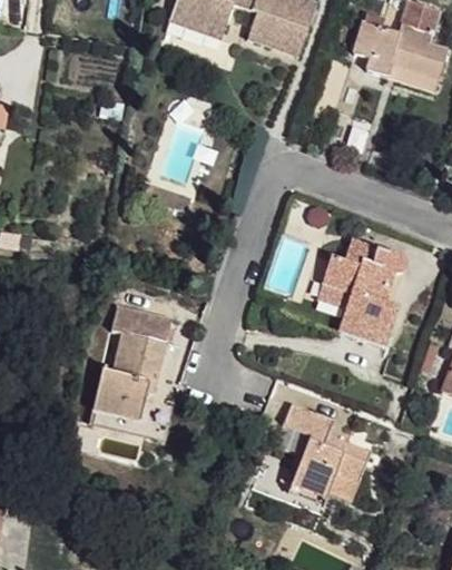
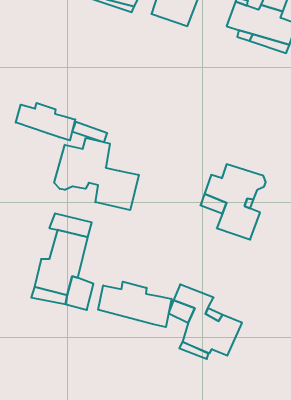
building: none -> [16,103,75,140]
building: none -> [54,138,139,210]
building: none -> [98,282,171,327]

